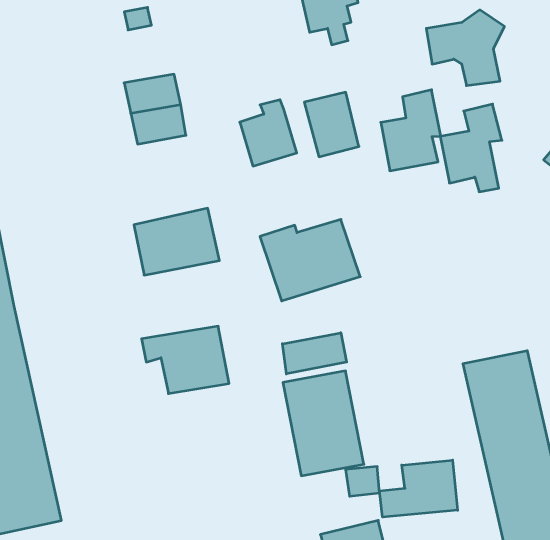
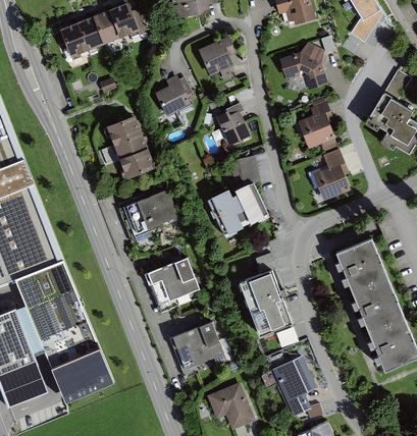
building: [381,90,441,171] -> [314,147,352,199]
building: [240,100,297,166] -> [156,73,193,115]
building: none -> [121,148,156,175]
building: [282,333,347,374] -> none
building: none -> [169,319,228,377]
building: [379,460,458,517] -> none

